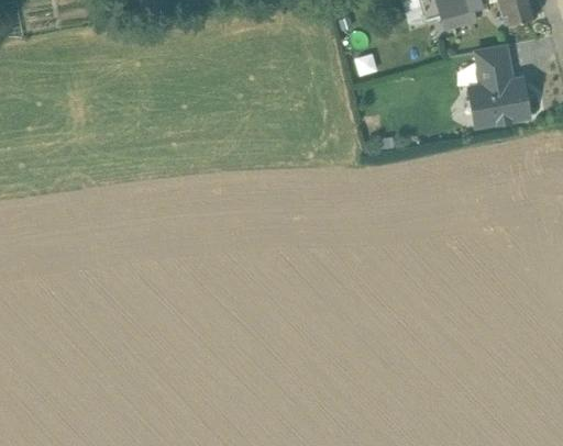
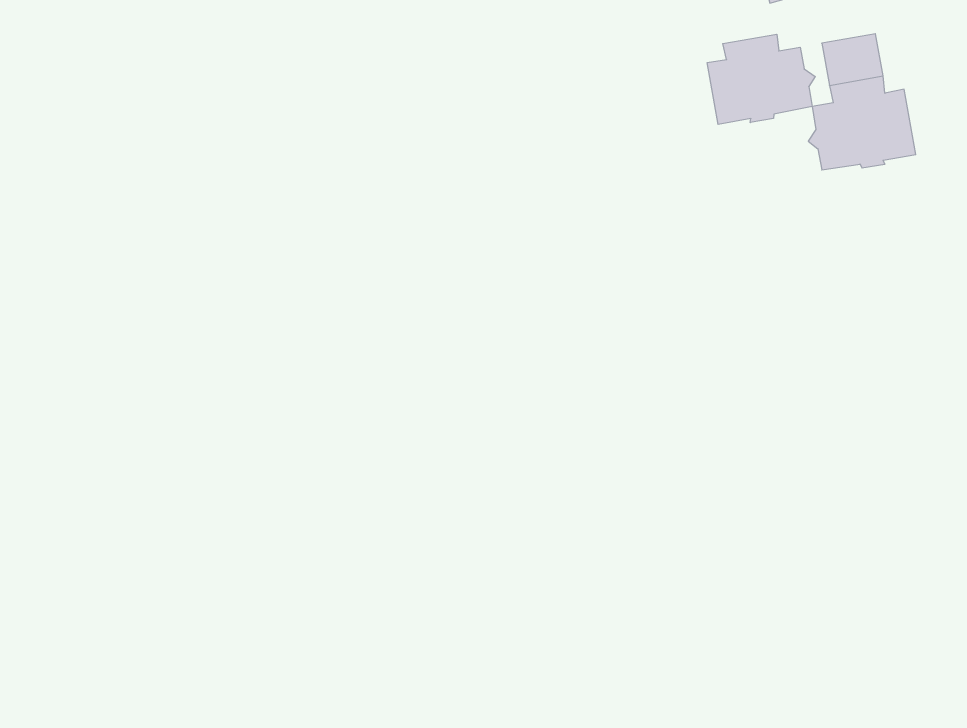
building: none -> [707,34,815,124]

